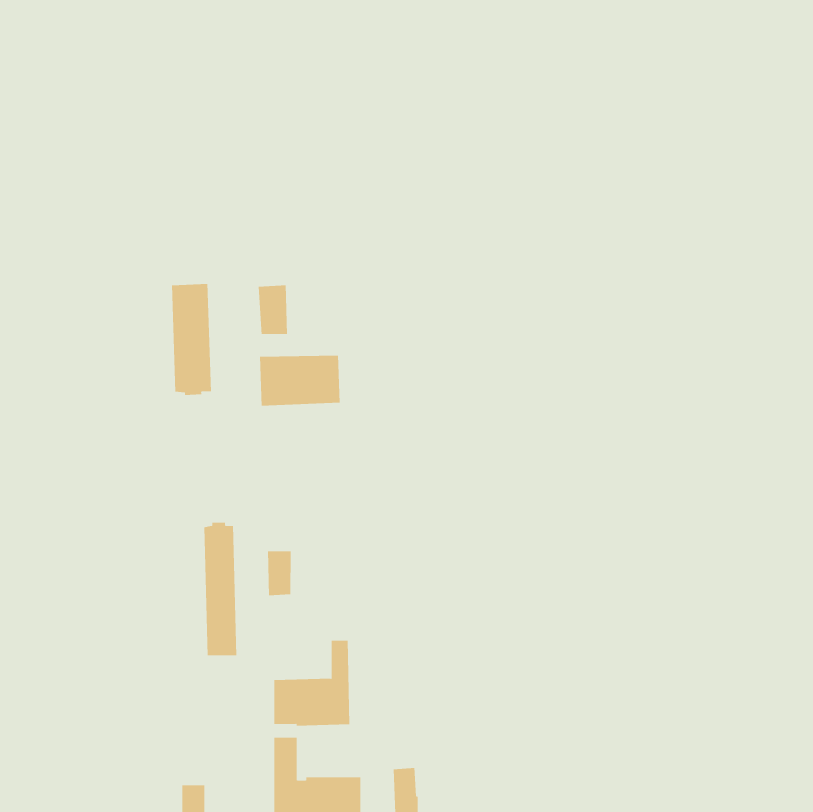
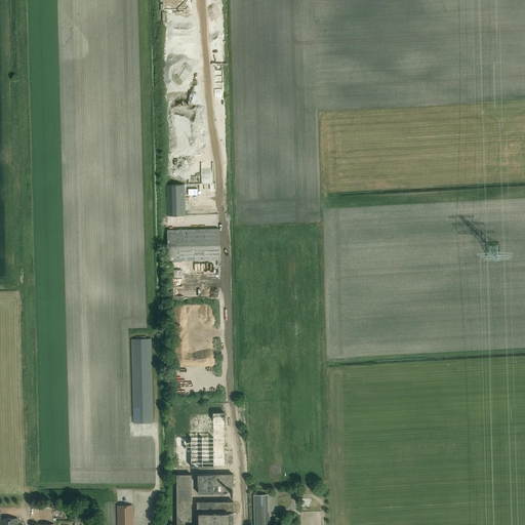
building: [171,283,211,396] -> none
building: [267,551,291,596] -> none
building: none -> [197,475,233,494]

